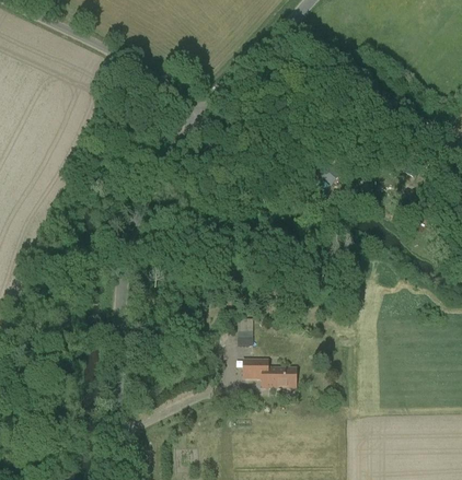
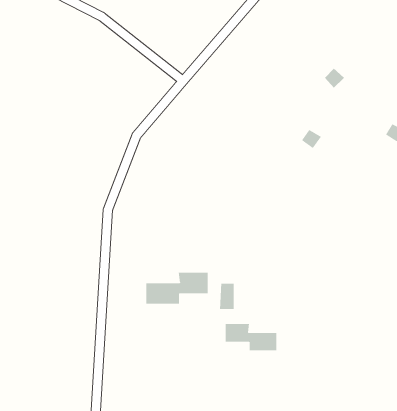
building: none -> [146,272,208,304]

